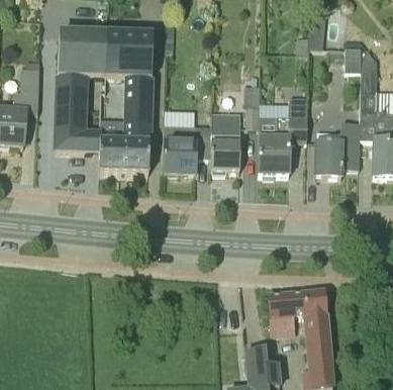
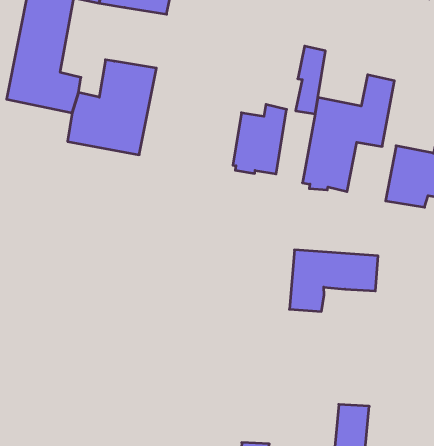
building: [122,77,152,113] -> none
building: [164,124,212,172] -> none
building: [269,289,326,333] -> [289,250,378,311]

